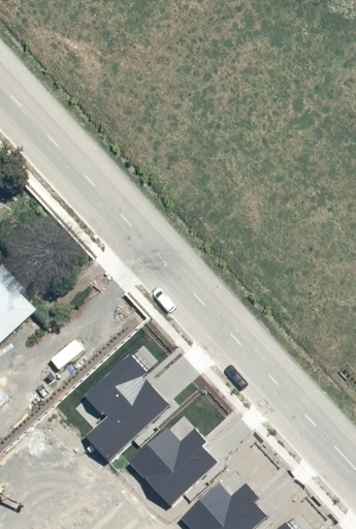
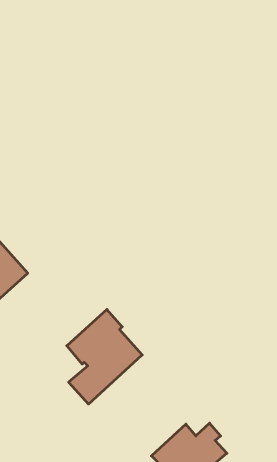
building: [128,428,216,506] -> none

